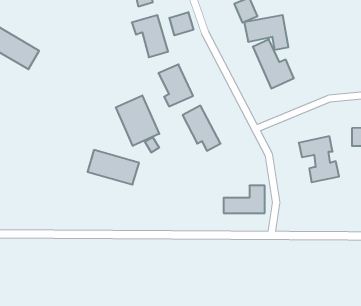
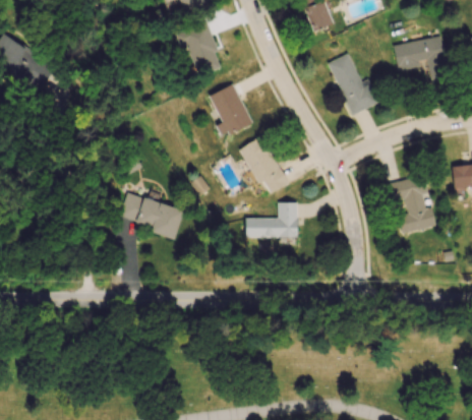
building: [169,12,193,35] -> none
building: [244,15,288,50] -> [393,36,449,79]
building: [116,95,159,146] -> none
building: [224,186,265,213] -> [245,202,297,237]

